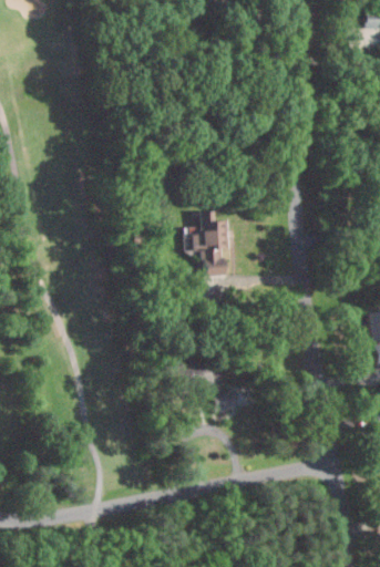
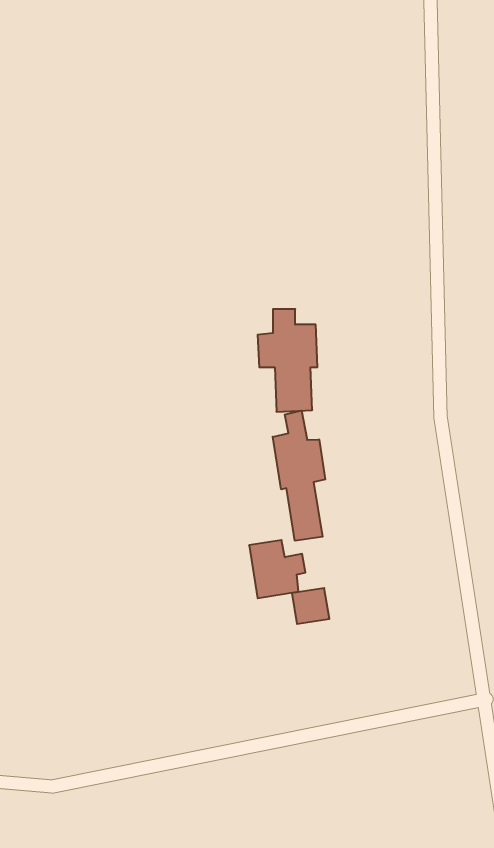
building: none -> [273,411,325,541]

